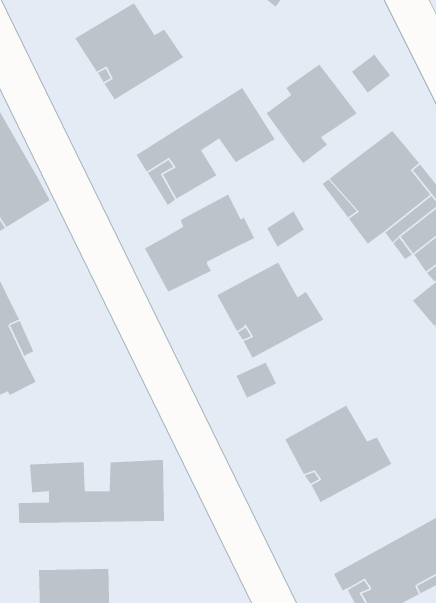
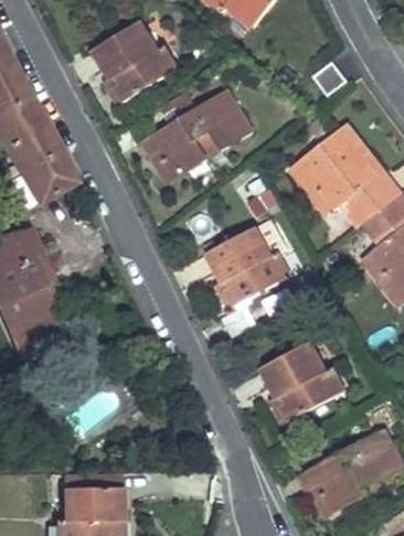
building: [265,63,358,164] -> none
building: [144,193,255,293] -> none
building: [18,459,165,524] -> none

